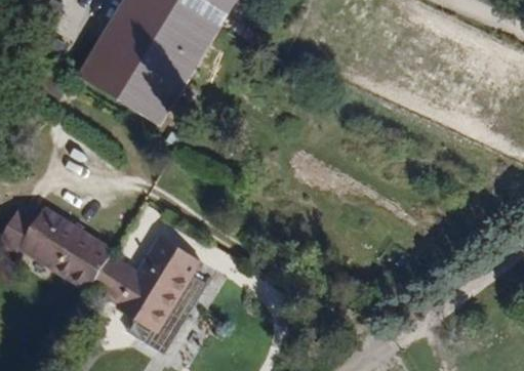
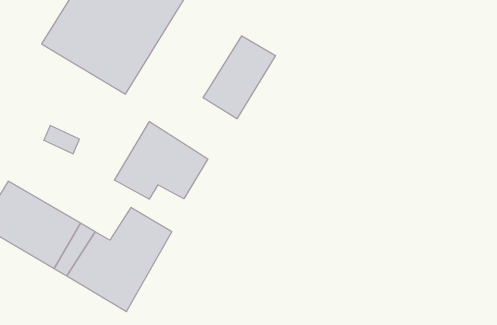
building: none -> [203,36,276,119]
building: none -> [114,122,208,199]

